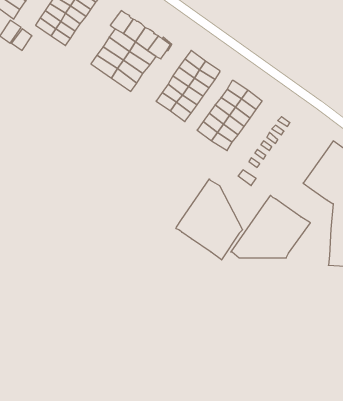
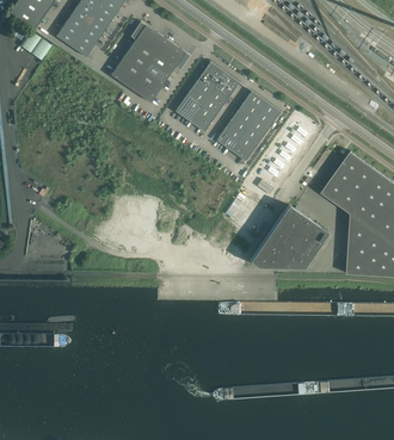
building: [176,179,243,260] -> none

